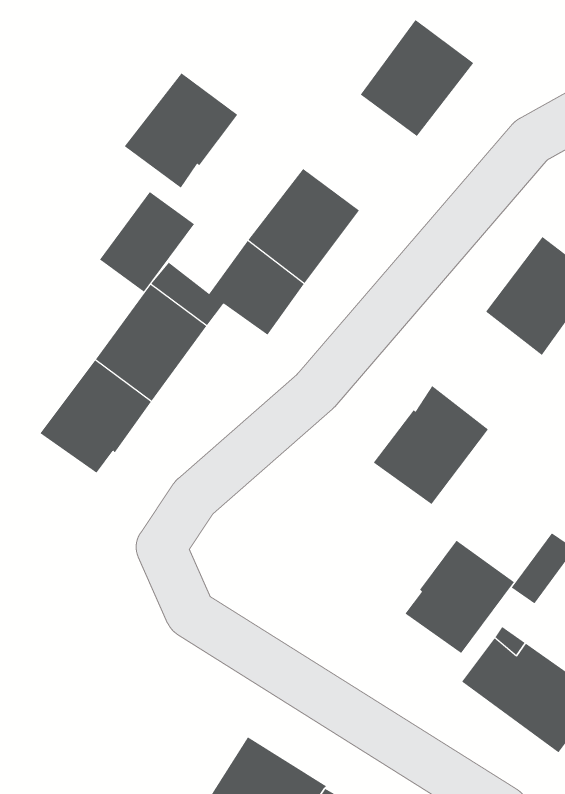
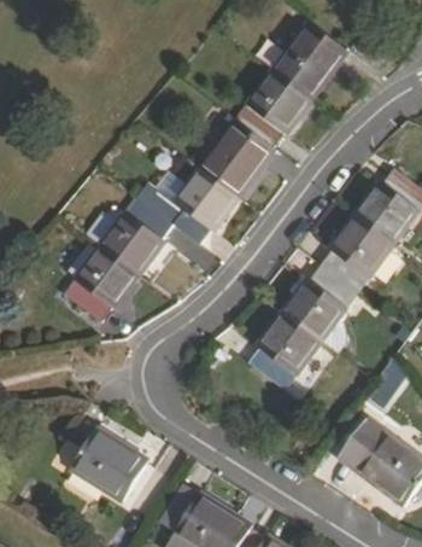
building: [124,72,238,188] -> [235,71,310,147]
building: [99,191,195,292] -> none
building: none -> [320,214,392,291]
building: [404,540,515,654] -> [247,313,320,388]
building: none -> [49,427,147,500]

